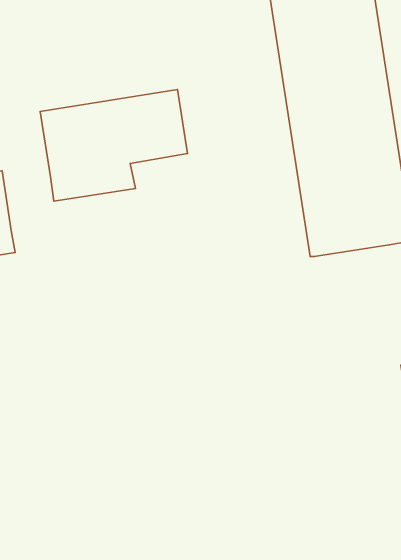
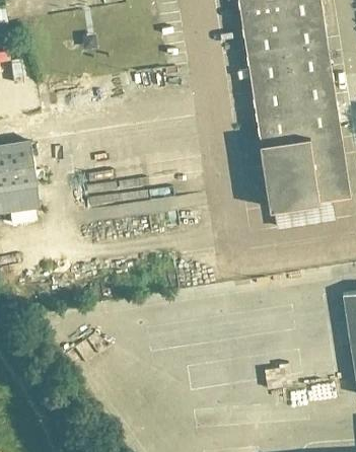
building: [40,89,188,201] -> none

